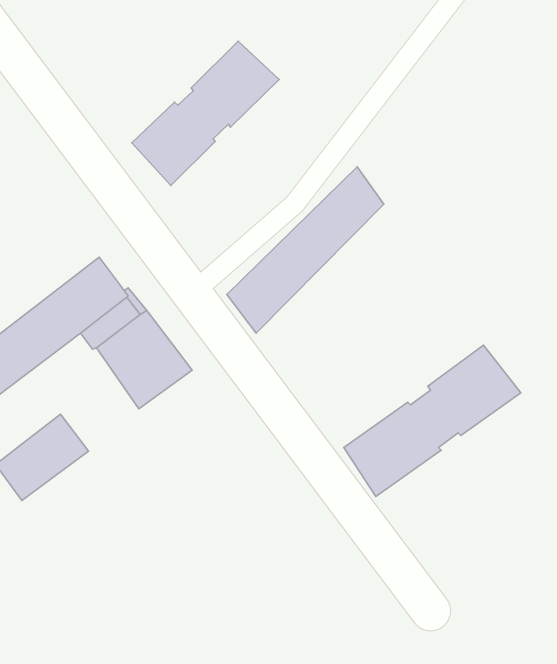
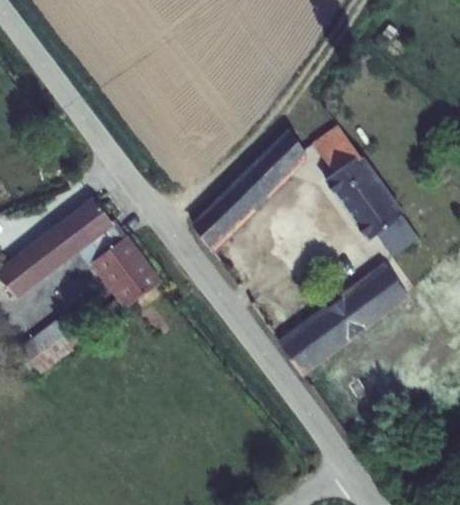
building: [132,41,279,185] -> none
building: none -> [311,125,418,256]

